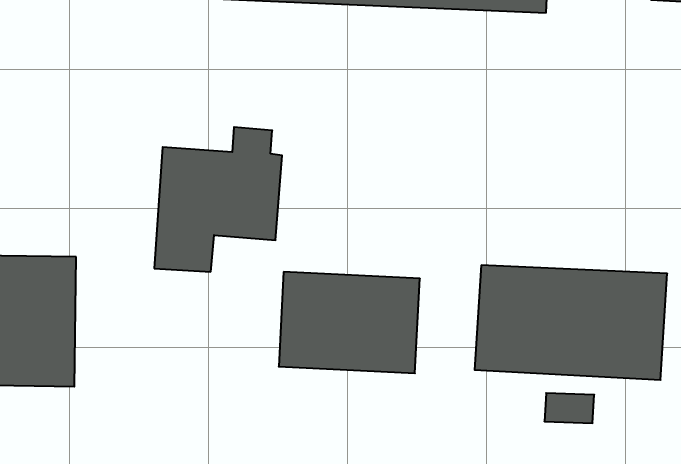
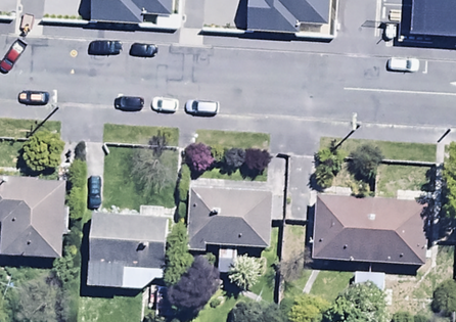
building: [154,127,282,272] -> [88,199,167,288]

